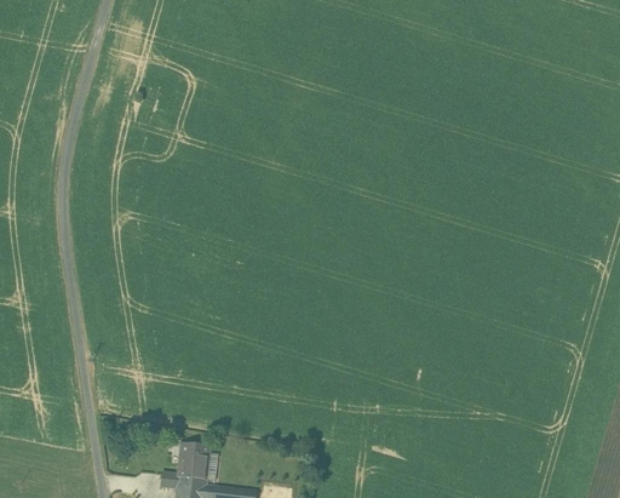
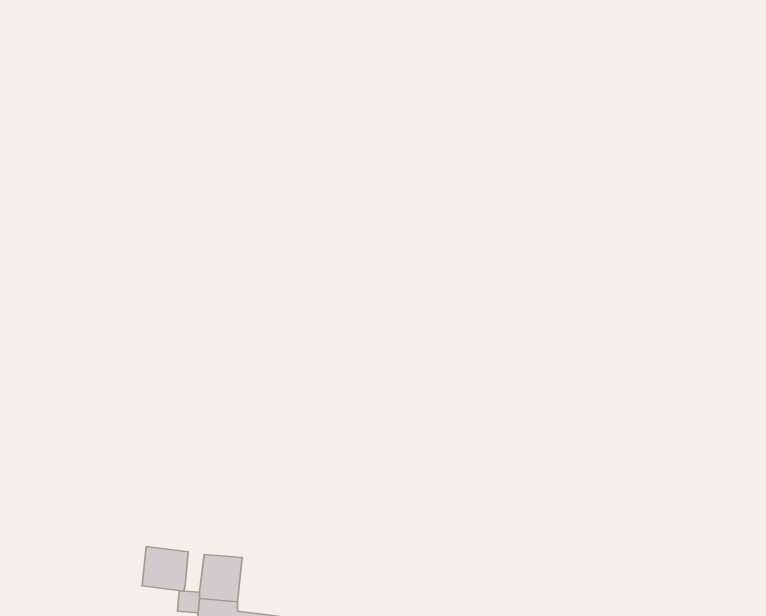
building: none -> [142,547,188,591]

